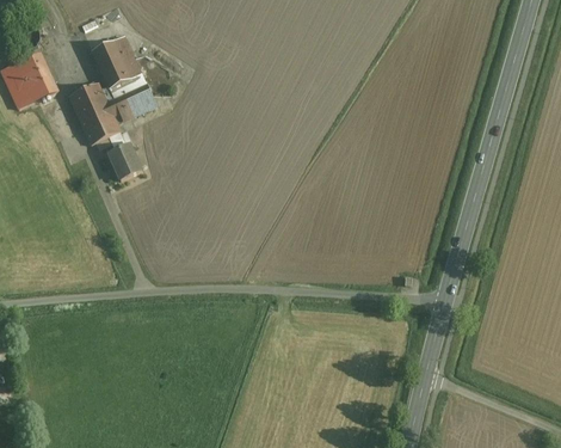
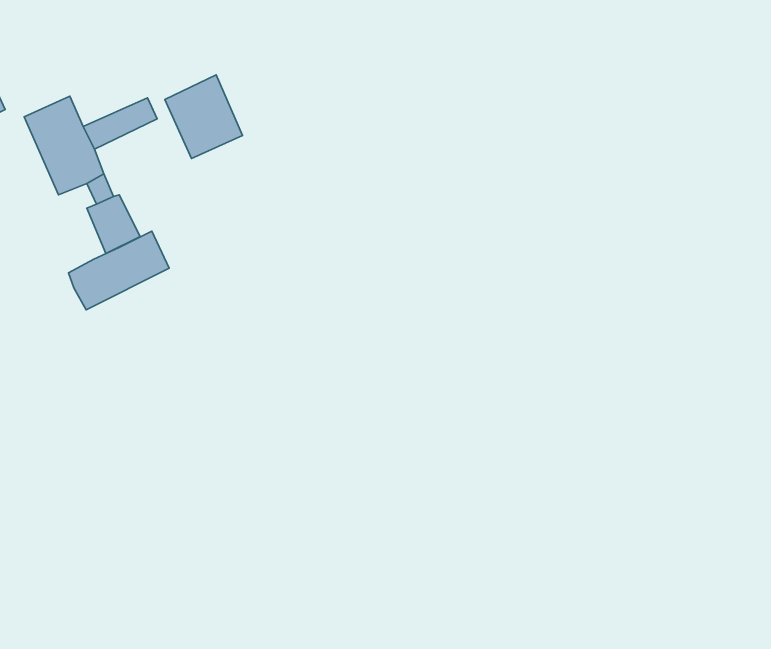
building: [92,35,141,87] -> [165,75,243,158]
building: none -> [69,231,169,310]

